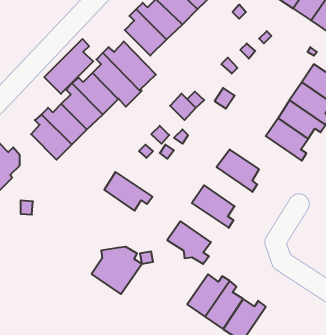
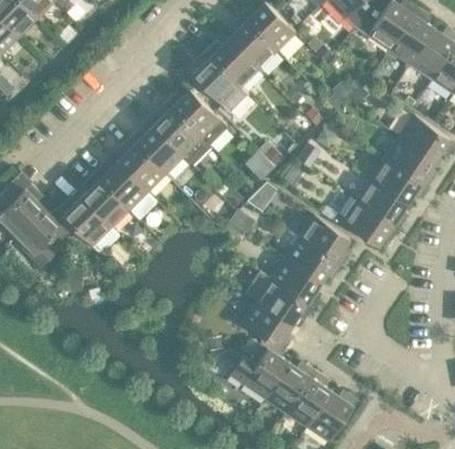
building: [44,39,93,94] -> none
building: none -> [56,198,110,247]
building: none -> [342,200,398,247]
building: none -> [284,237,340,282]
building: [104,172,152,211] -> [256,279,313,325]
building: [92,247,142,294] -> [229,342,288,398]

